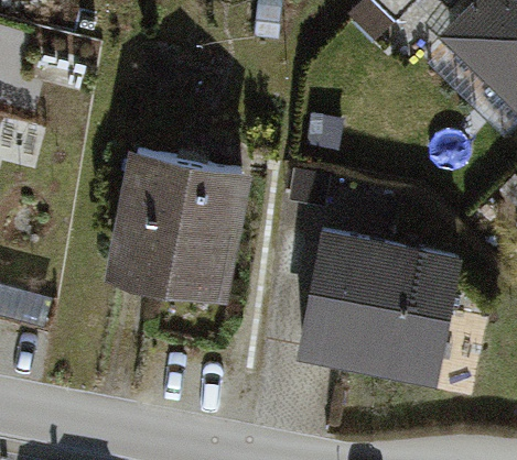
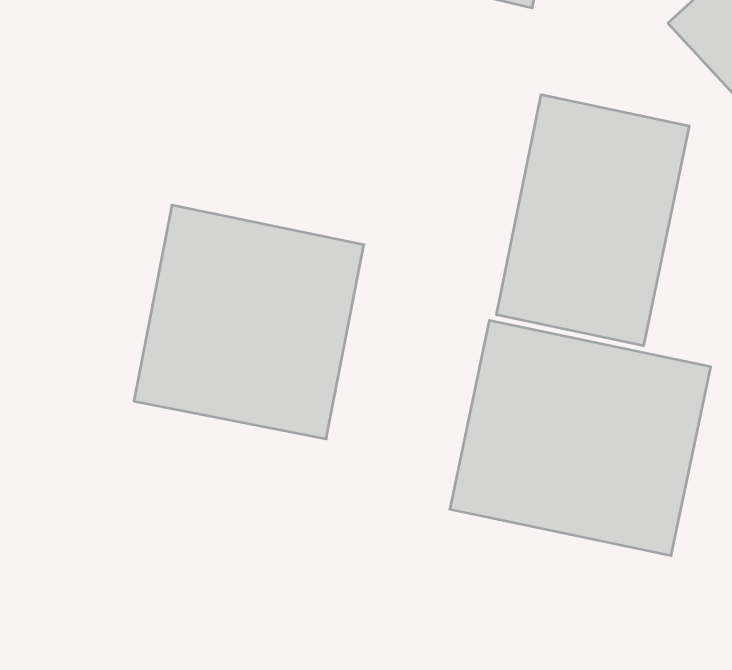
building: none -> [497,95,689,346]

